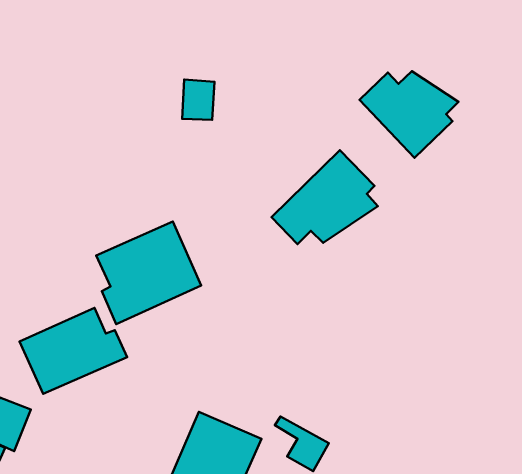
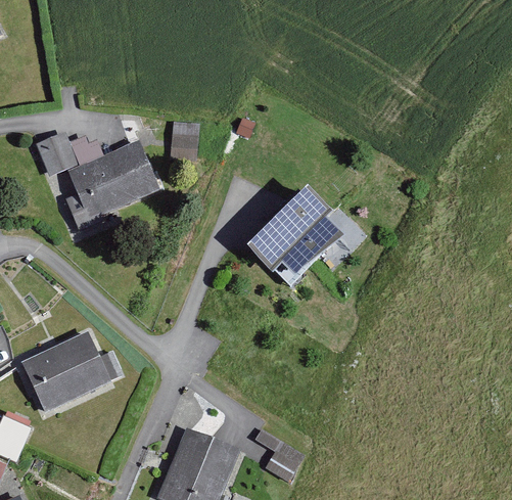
building: [360,71,459,158] -> none
building: none -> [35,133,160,231]
building: [96,221,201,324] -> none

